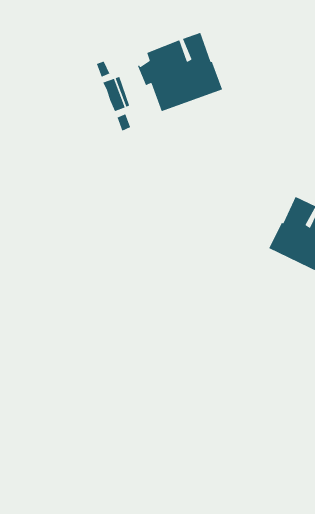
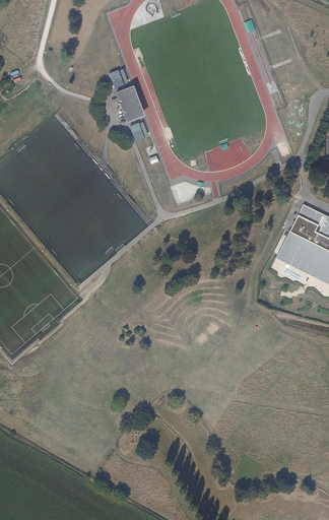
building: [137,32,223,112] -> none

